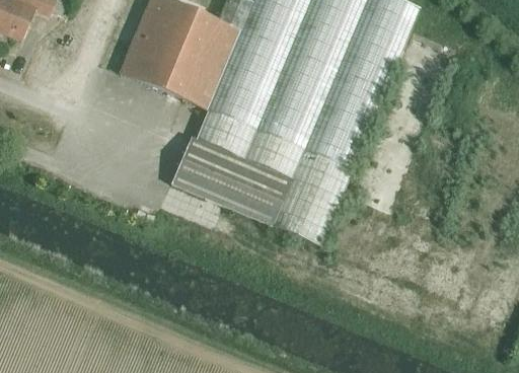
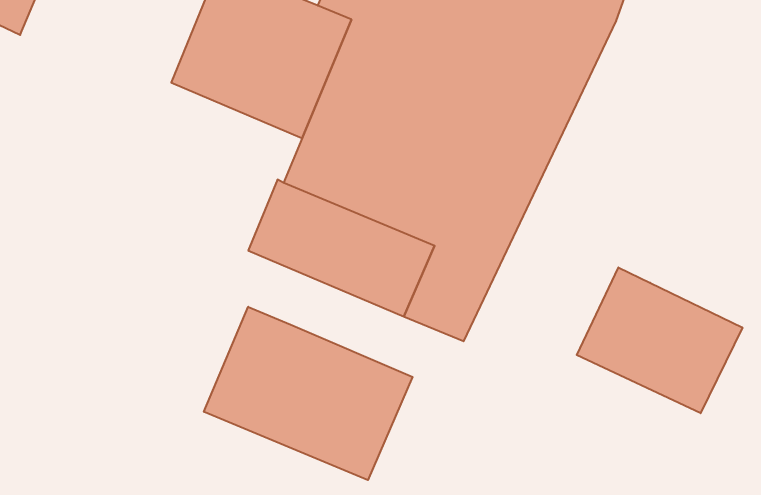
building: none -> [577,267,742,413]
building: none -> [204,307,413,480]

